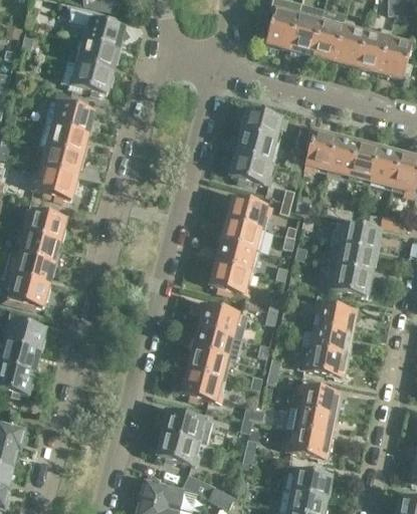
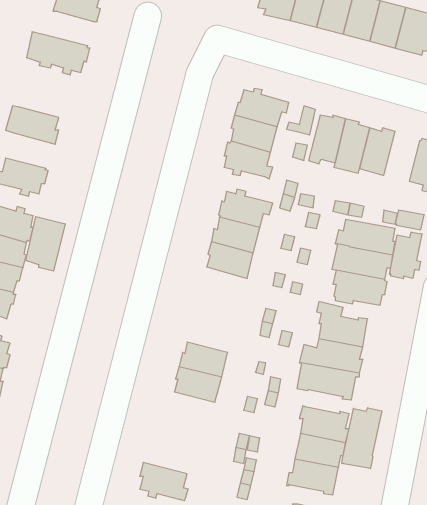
building: [77,40,121,70] -> none
building: [44,90,93,133] -> none
building: [370,145,401,188] -> none
building: [41,146,84,177] -> none
building: none -> [26,217,65,271]
building: none -> [389,232,422,279]
building: [210,262,252,295] -> none
building: [198,302,244,336] -> none
building: [182,370,224,403] -> none
building: none -> [342,408,382,469]
building: [161,409,209,444] -> none

